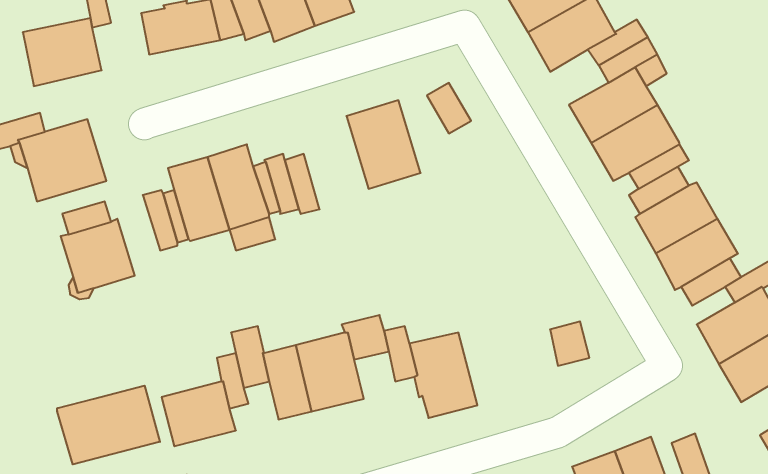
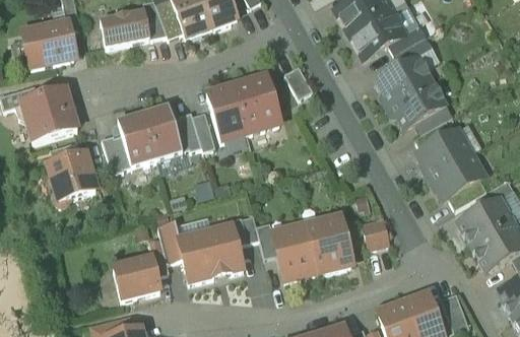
building: none -> [206,85,247,139]
building: none -> [305,215,352,271]
building: [57,386,160,464] -> none

